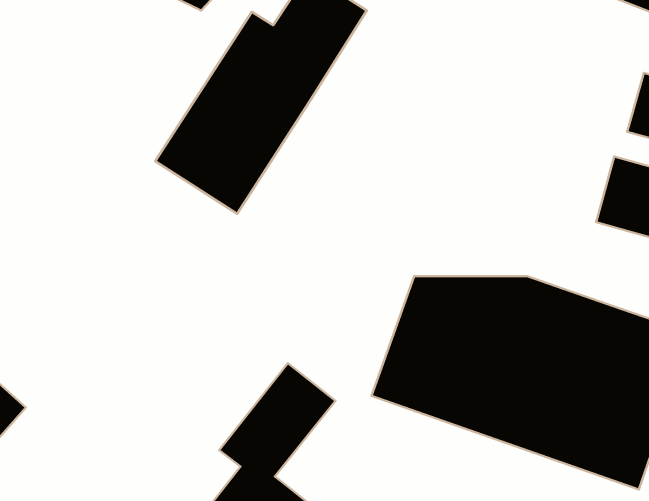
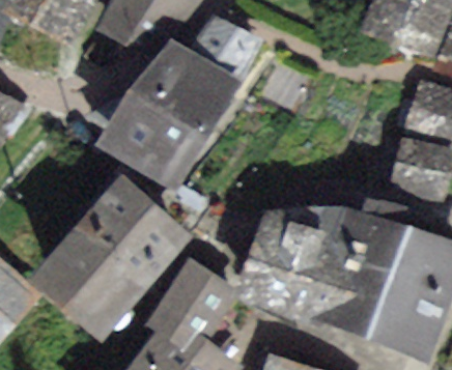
building: none -> [39,183,175,326]

